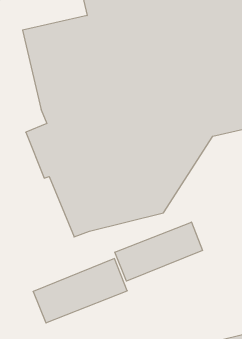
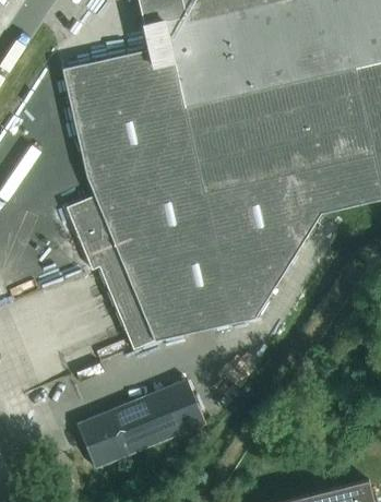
building: [115,222,203,281] -> none

